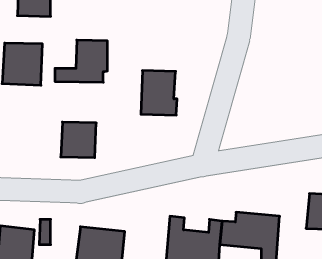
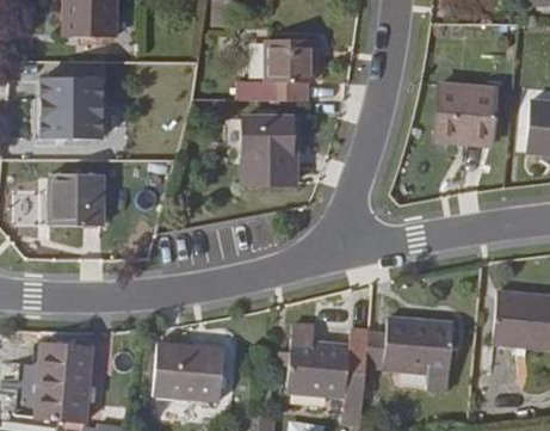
building: [55,40,107,82] -> [237,35,315,97]
building: none -> [438,81,502,140]
building: [61,122,96,158] -> [49,170,101,222]

